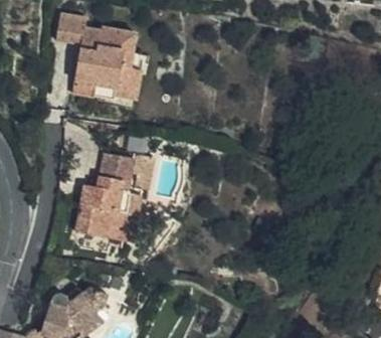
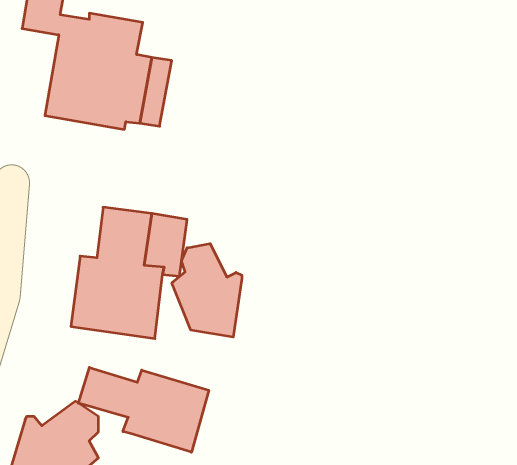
building: none -> [172,244,242,337]
building: none -> [78,367,209,452]

